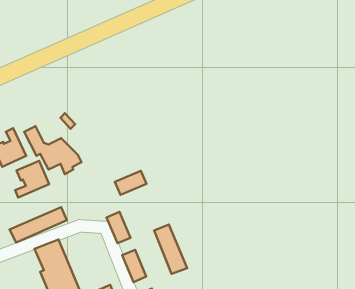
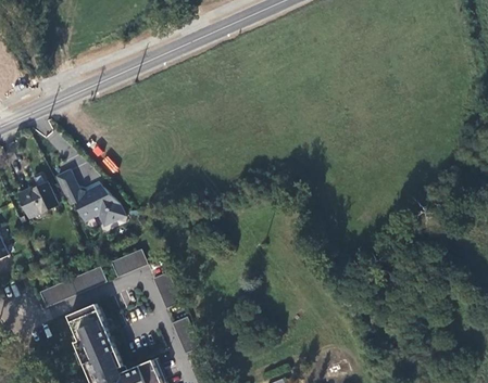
building: [15,161,49,197] -> none
building: [115,171,146,195] -> [110,248,147,277]
building: [154,224,187,274] -> none

